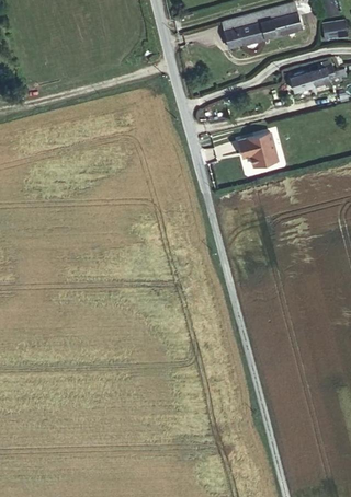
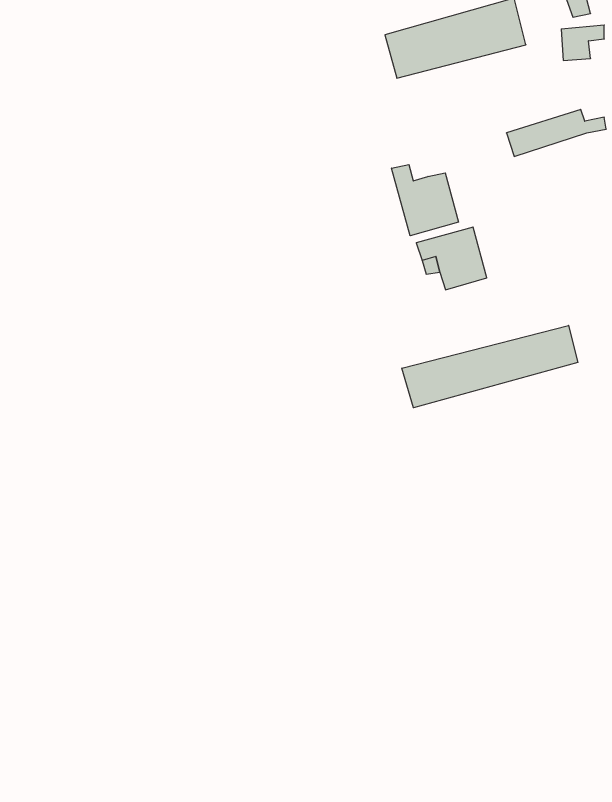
building: none -> [392,165,458,236]
building: none -> [402,325,578,408]

